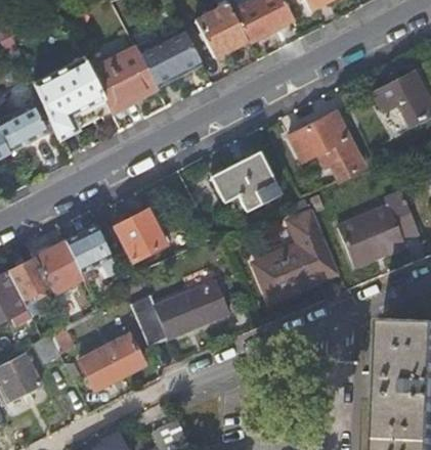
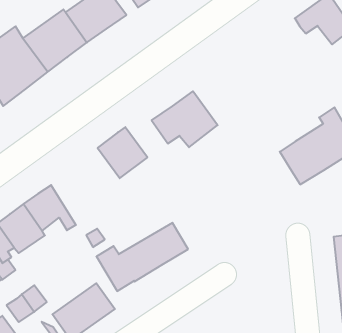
building: [289,111,363,180] -> none
building: [114,209,164,261] -> [98,127,147,178]
building: [253,211,338,301] -> none

